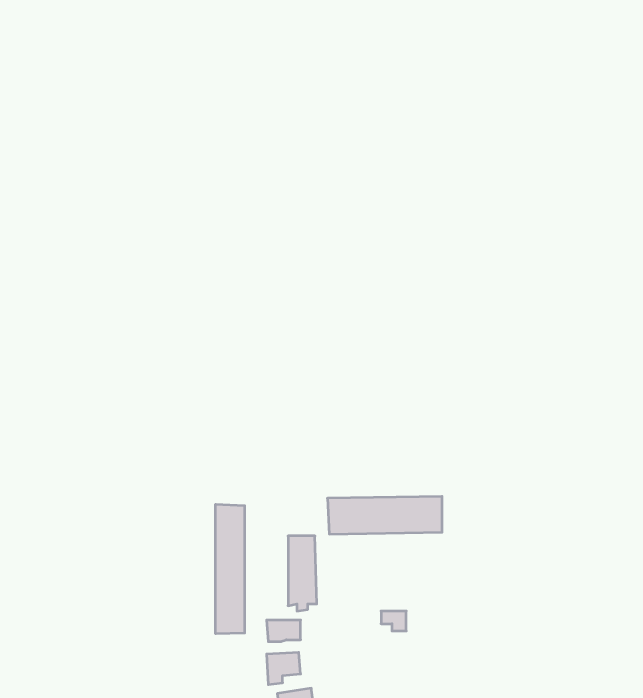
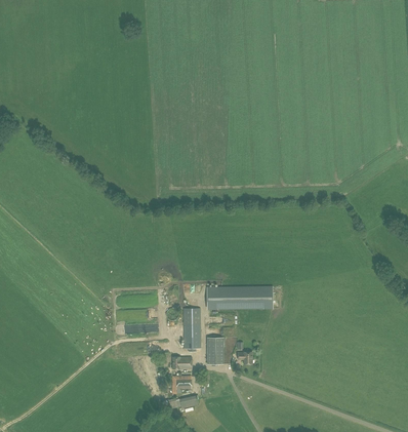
building: [216,504,245,634] -> none
building: none -> [206,338,222,364]

